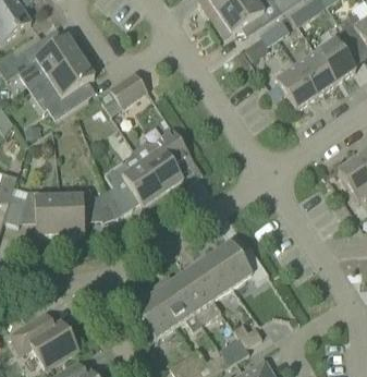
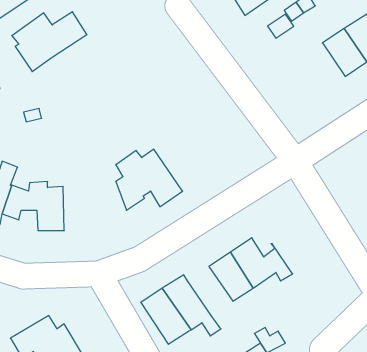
building: [49,57,94,114] -> none
building: [276,64,316,109] -> none
building: [99,74,147,114] -> none
building: [135,130,193,199] -> none
building: [59,190,117,235] -> none
building: [172,268,220,324] -> none

